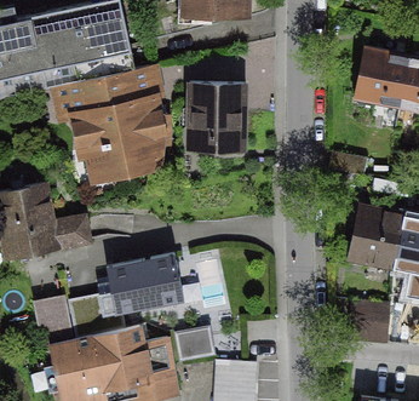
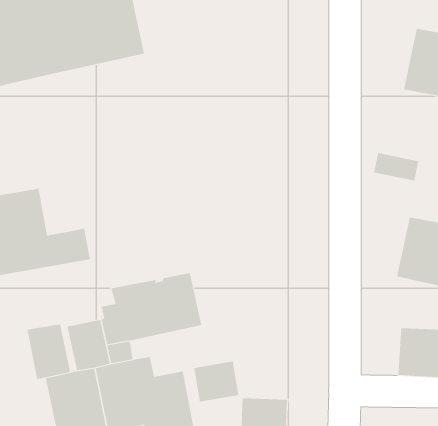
building: [57,65,160,171] -> none
building: [188,82,246,151] -> none

